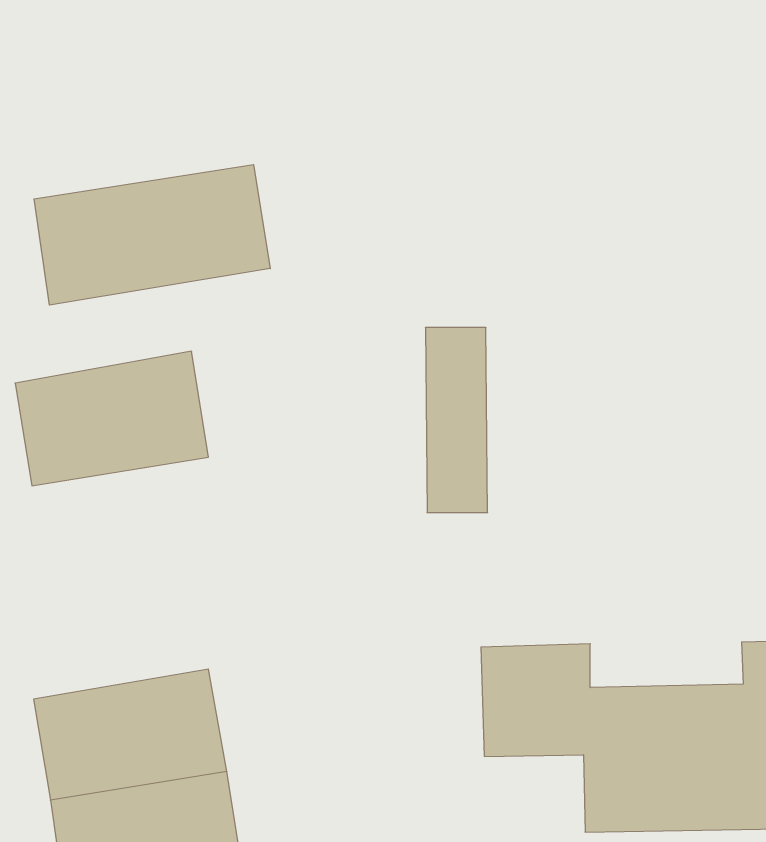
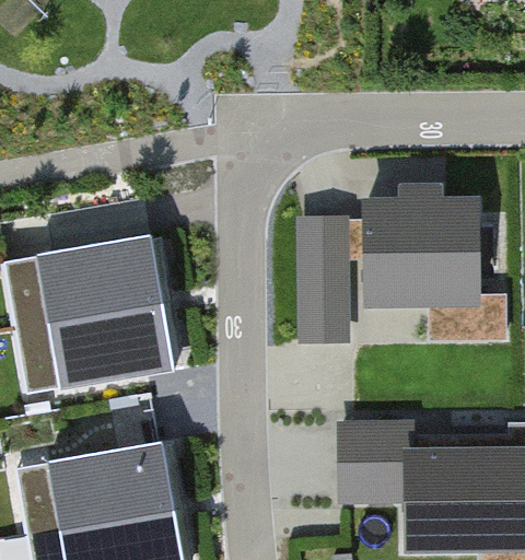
building: [34,165,270,305] -> none
building: none -> [365,191,472,302]
building: none -> [45,305,171,390]

